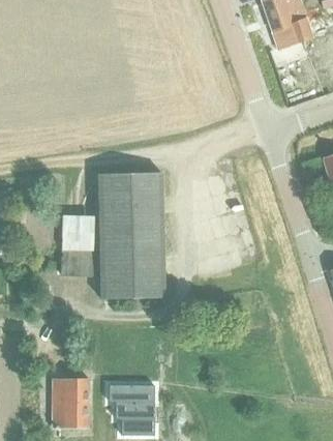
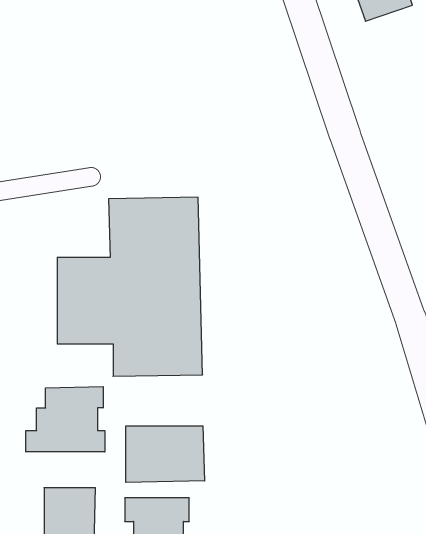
building: none -> [26,387,105,452]
building: none -> [126,426,205,482]

